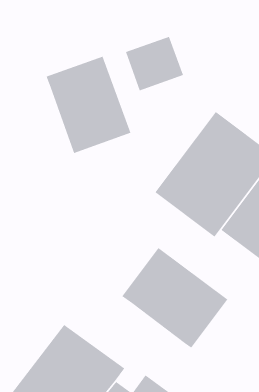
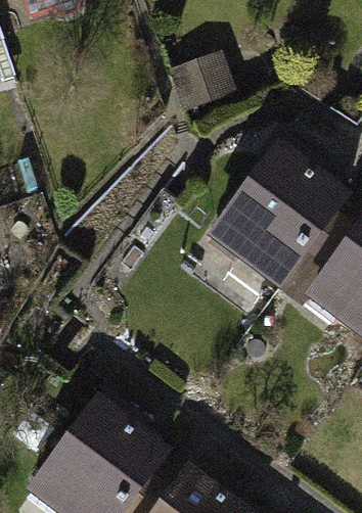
building: [46,56,131,154] -> none
building: [121,247,228,348] -> none

